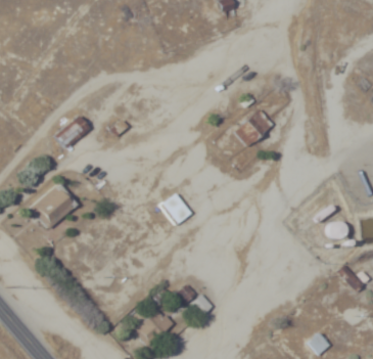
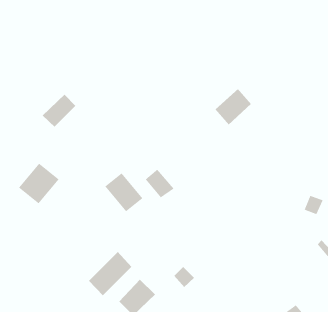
building: none -> [104,173,143,212]
building: none -> [88,251,132,296]

